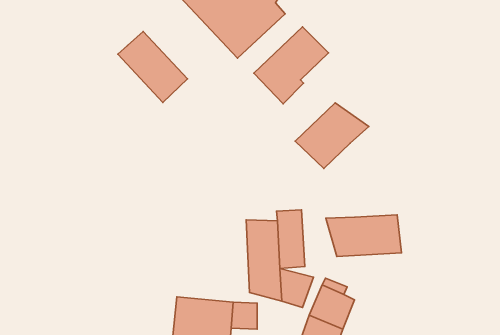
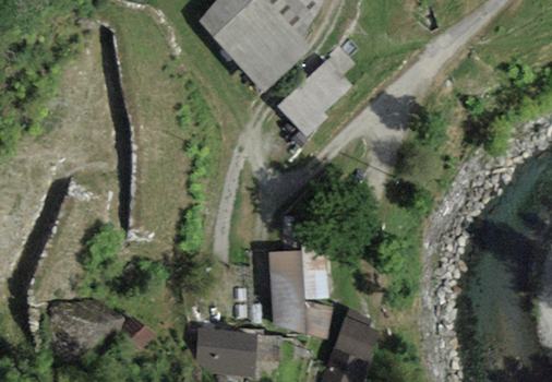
building: [118,31,188,102] -> none
building: [295,103,369,168] -> none
building: [326,215,401,257] -> none

